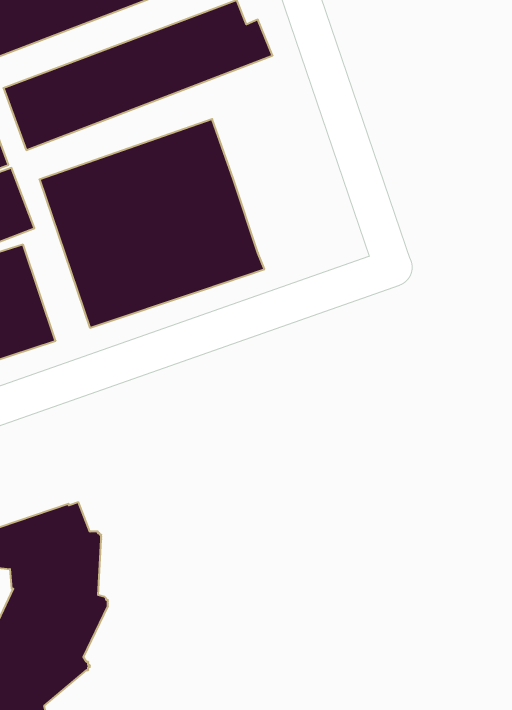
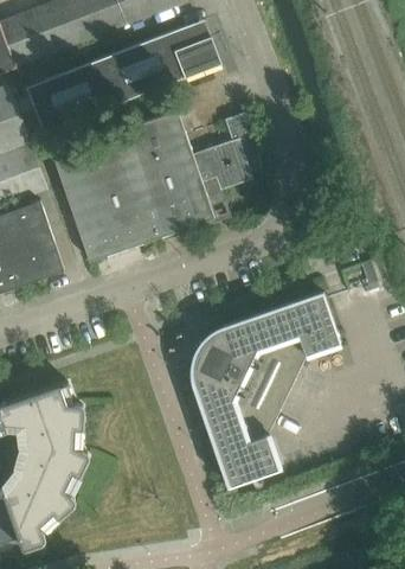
building: none -> [191,111,261,205]
building: none -> [189,292,339,485]

